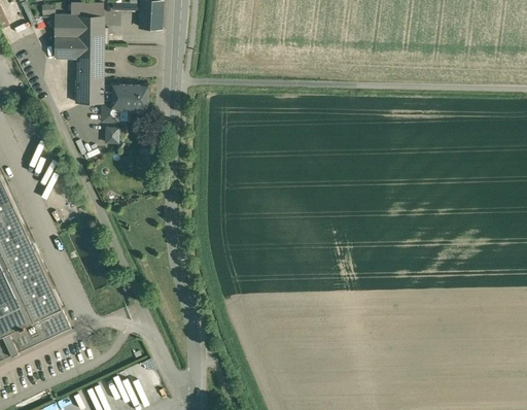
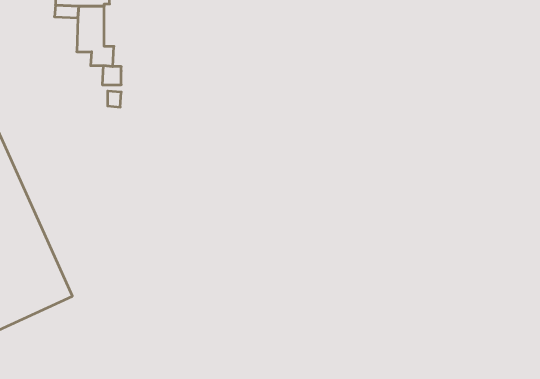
building: [110,87,146,111] -> none

